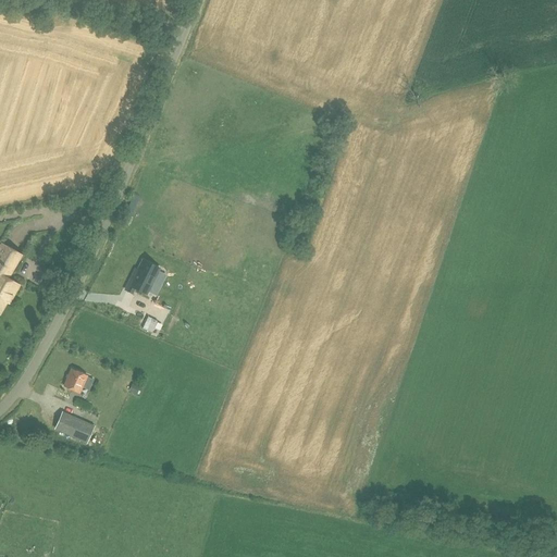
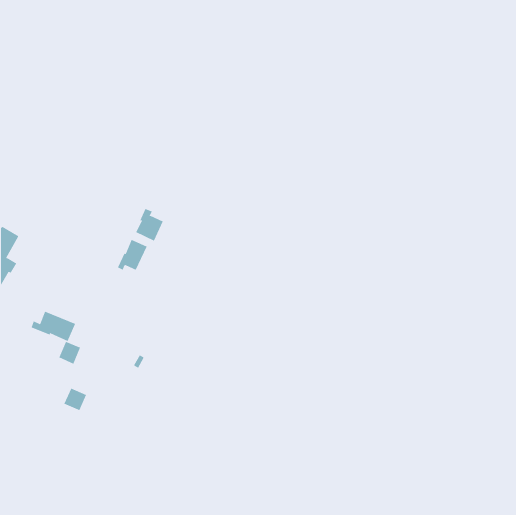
building: none -> [135,208,163,241]
building: none -> [31,311,76,342]

